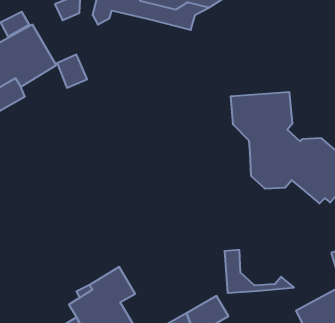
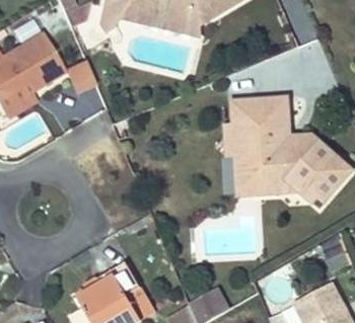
building: [224,250,294,293] -> [235,154,301,194]

